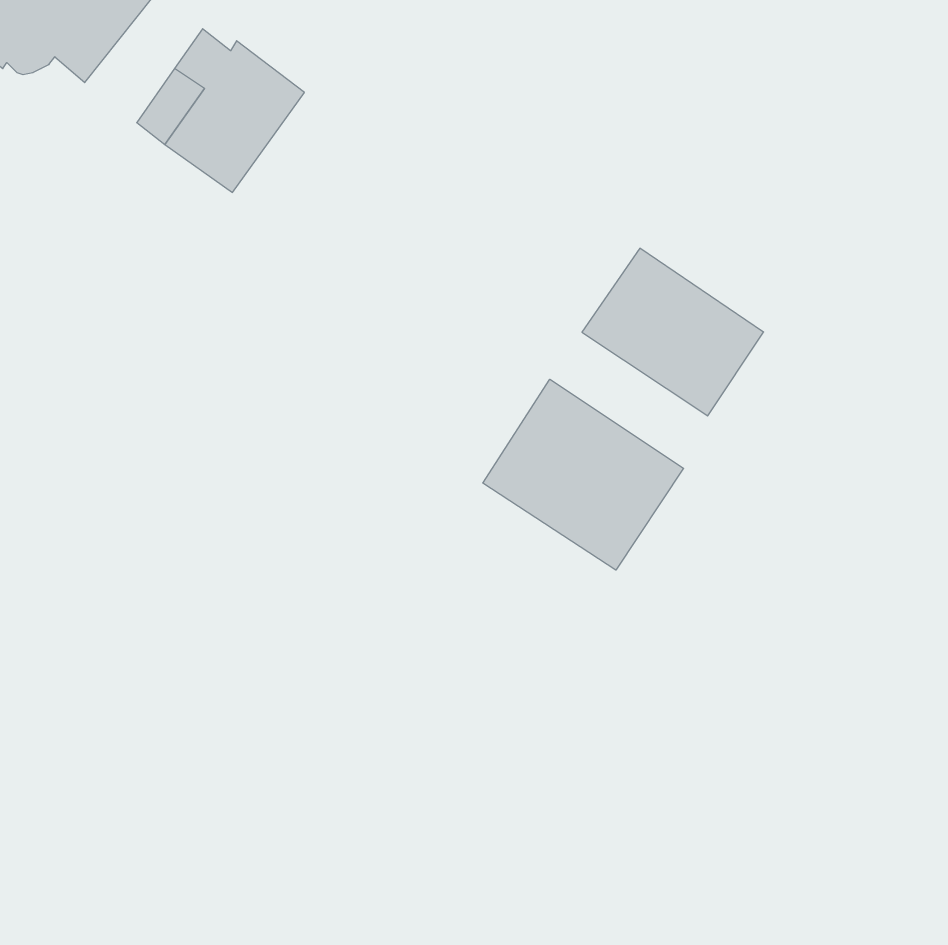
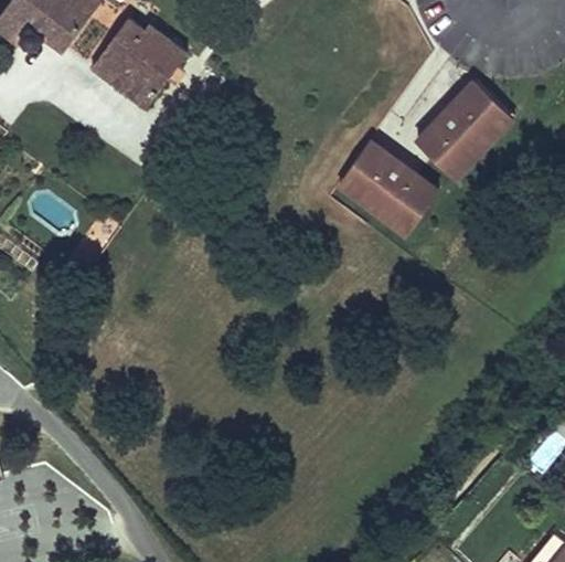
building: none -> [414,78,512,177]
building: [483,379,684,570] -> none

